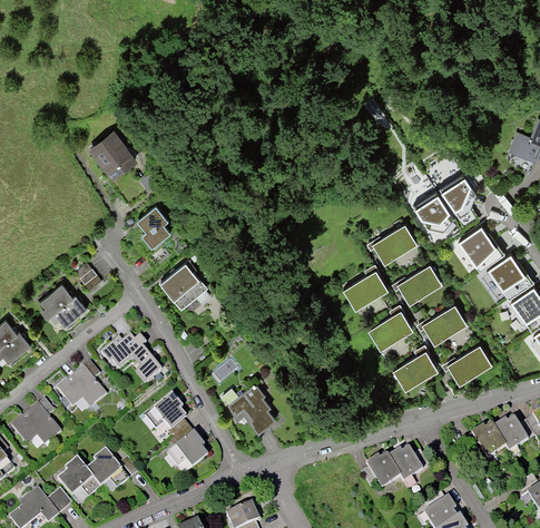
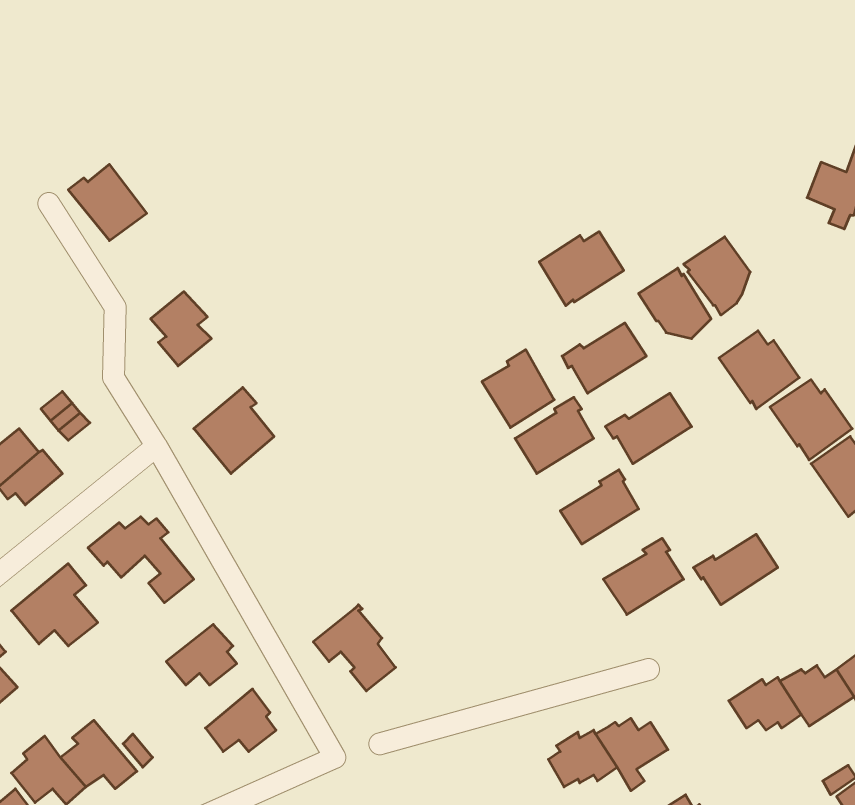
building: none -> [539,232,624,306]
building: none -> [482,350,554,428]
building: [420,303,469,343] -> none

